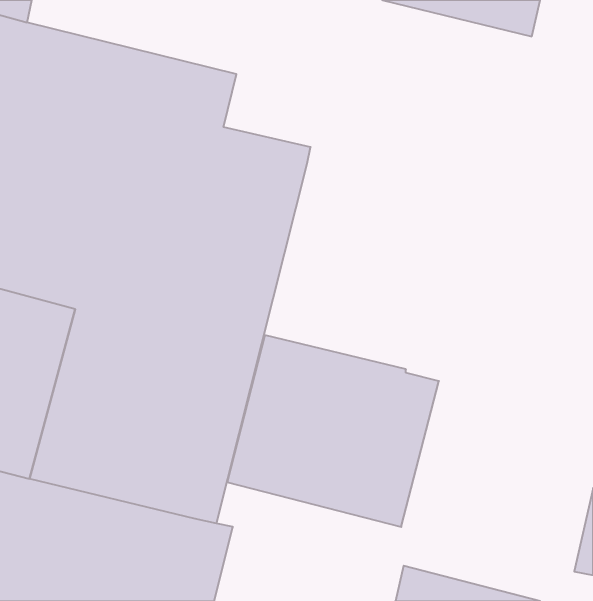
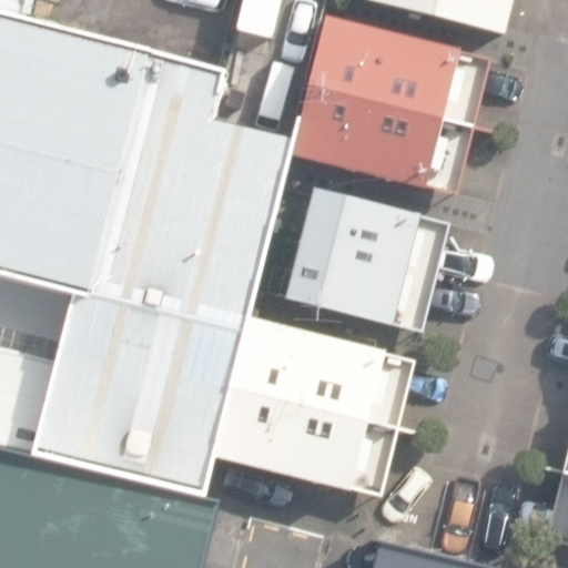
building: none -> [290,16,489,194]
building: none -> [282,186,447,332]

